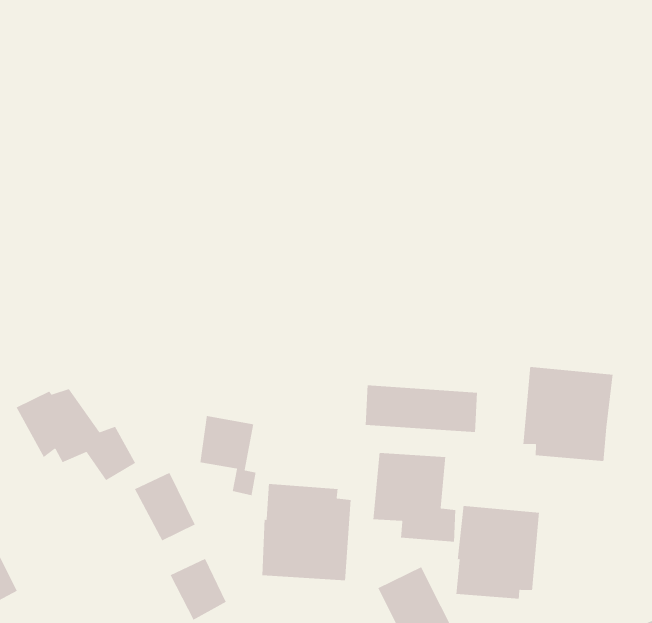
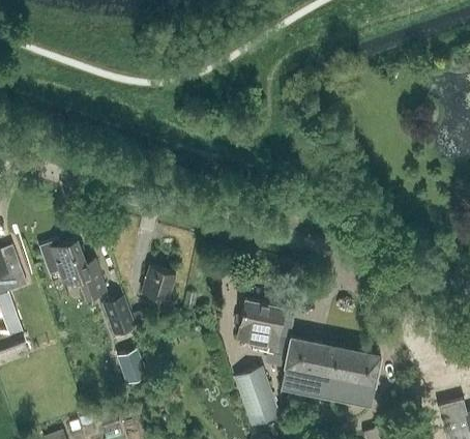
building: [523,366,613,462] -> [324,346,381,406]
building: [365,385,478,433] -> none
building: [261,483,351,581] -> none

